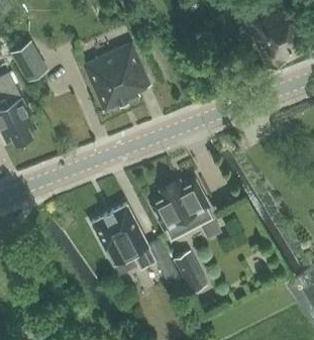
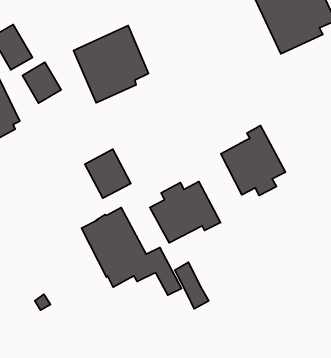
building: none -> [22,62,61,103]
building: none -> [221,125,285,196]
building: none -> [85,149,131,198]

